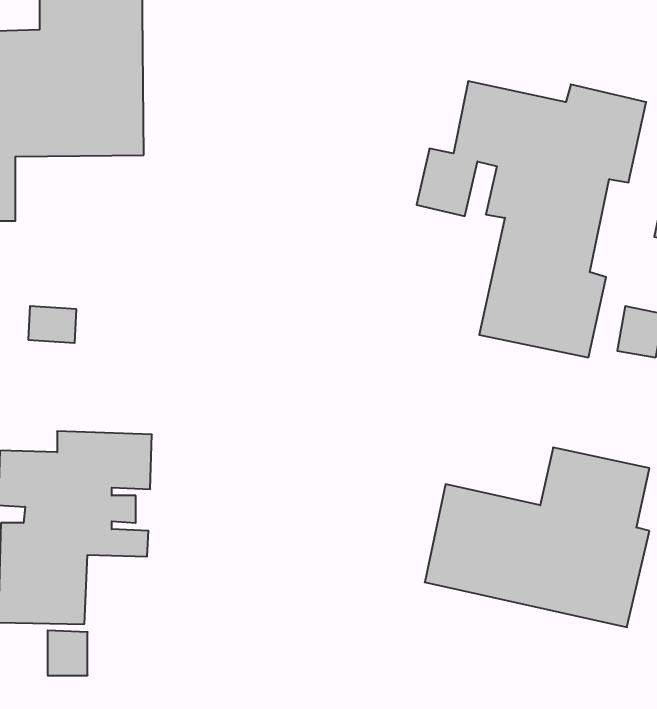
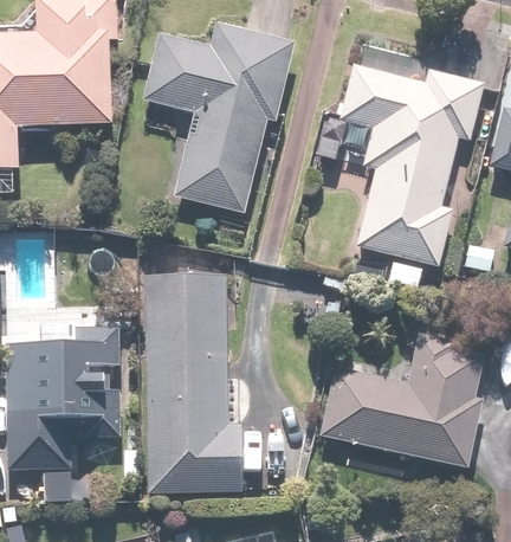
building: none -> [145,24,292,213]
building: none -> [145,273,245,492]

